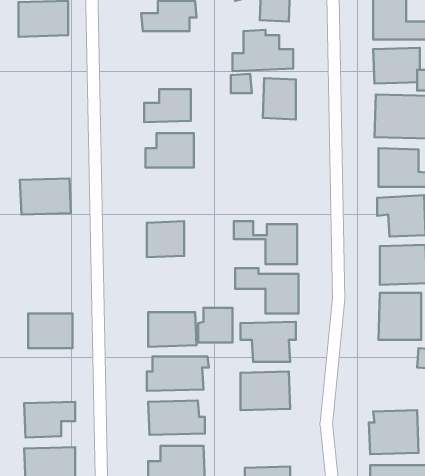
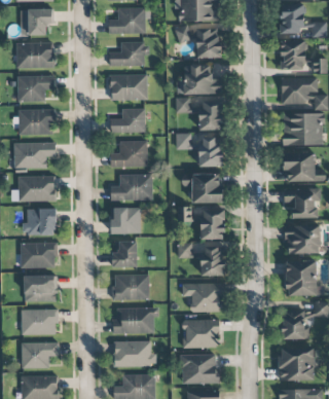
building: none -> [109,74,147,100]
building: none -> [17,75,54,102]
building: none -> [17,109,54,135]
building: none -> [175,133,223,166]
building: none -> [13,142,56,169]
building: none -> [182,173,222,203]
building: none -> [110,174,152,201]
building: none -> [23,209,56,234]
building: none -> [20,243,56,267]
building: [198,308,233,342] -> [111,241,137,266]
building: none -> [21,309,57,335]
building: none -> [282,311,305,338]
building: none -> [181,354,217,384]

